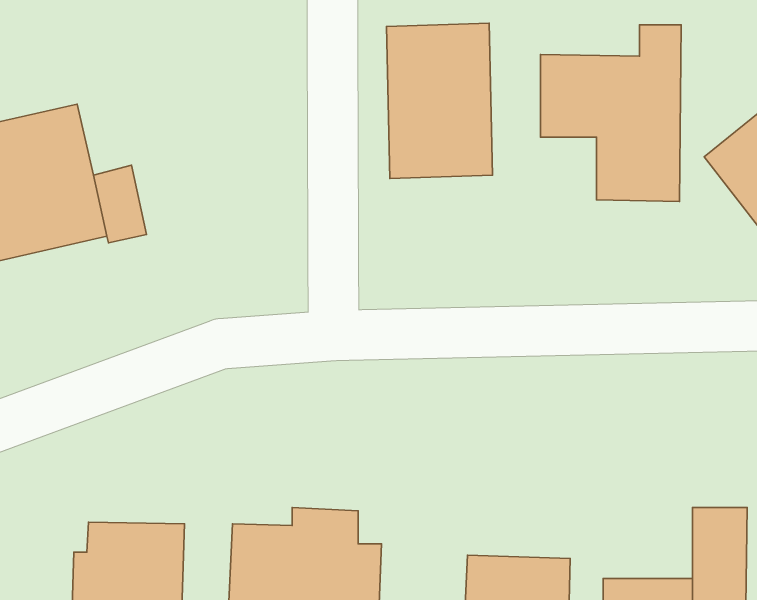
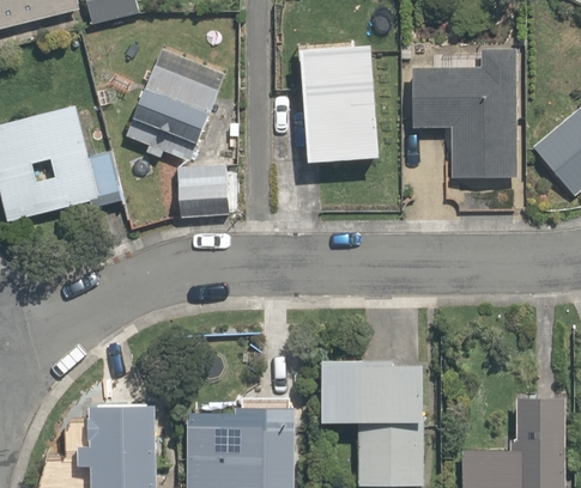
building: none -> [123,39,232,163]
building: none -> [175,173,228,221]
building: none -> [321,359,424,423]

